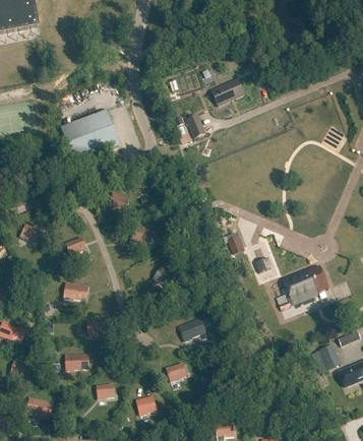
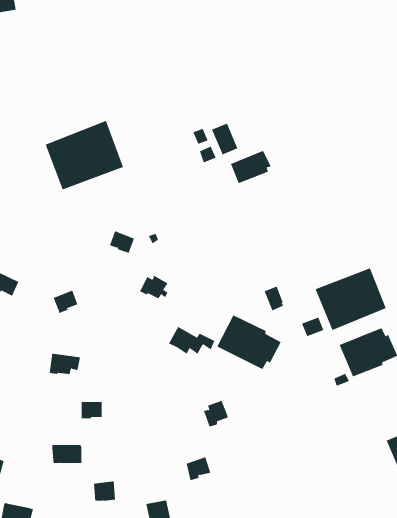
building: [211,79,243,105] -> [230,150,272,184]
building: none -> [315,267,386,331]
building: none -> [217,315,282,370]

